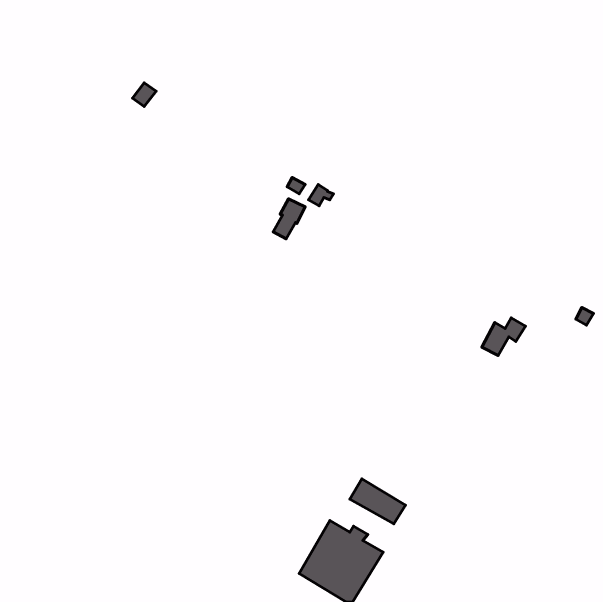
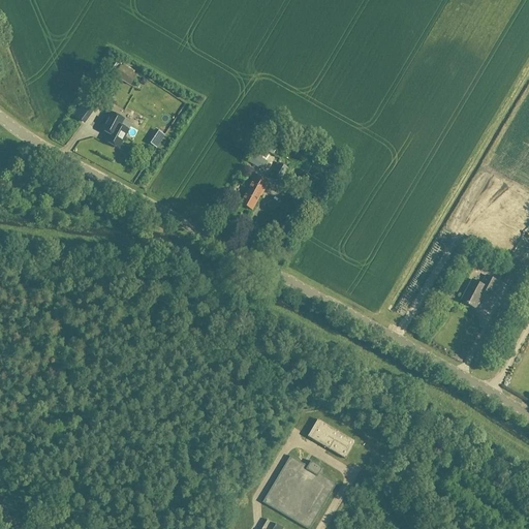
building: none -> [102,112,132,147]
building: [482,318,525,356] -> [461,274,499,307]

